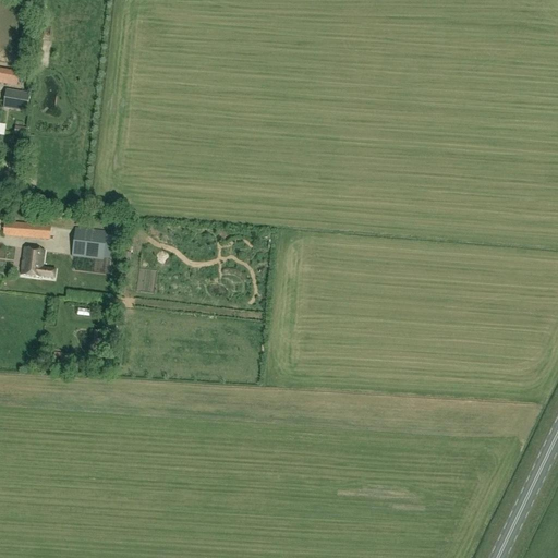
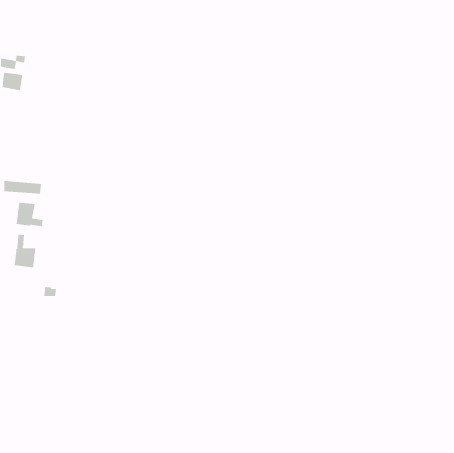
building: [71,227,104,257] -> none
building: none -> [14,234,36,268]

